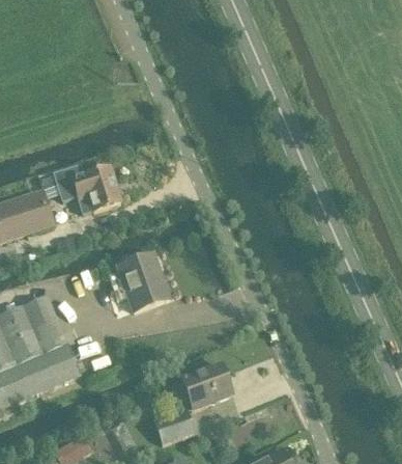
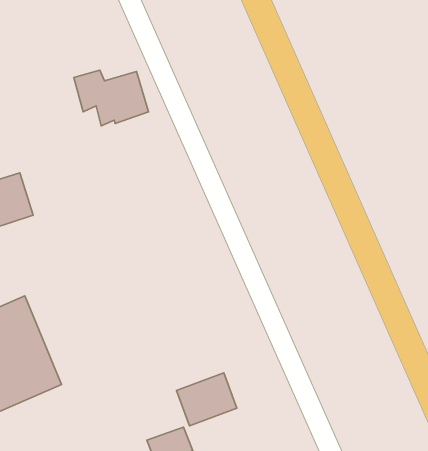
building: [56,165,121,214] -> [74,70,148,126]
building: [109,253,170,312] -> none

